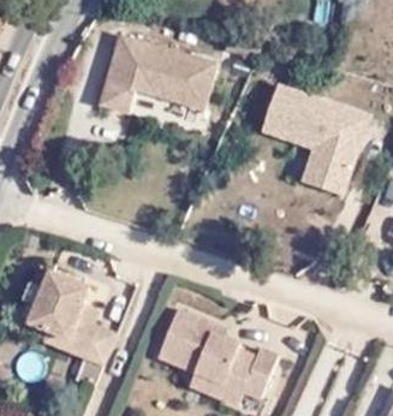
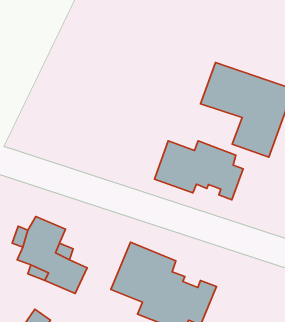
building: [100,35,219,113] -> none
building: none -> [154,141,243,200]

